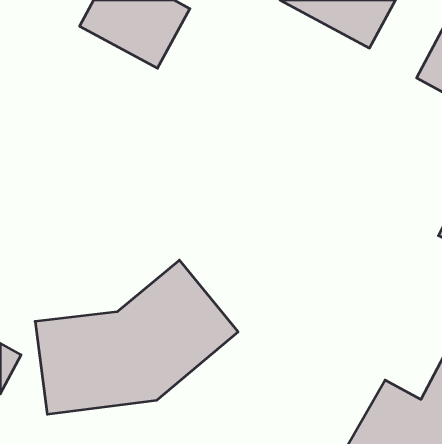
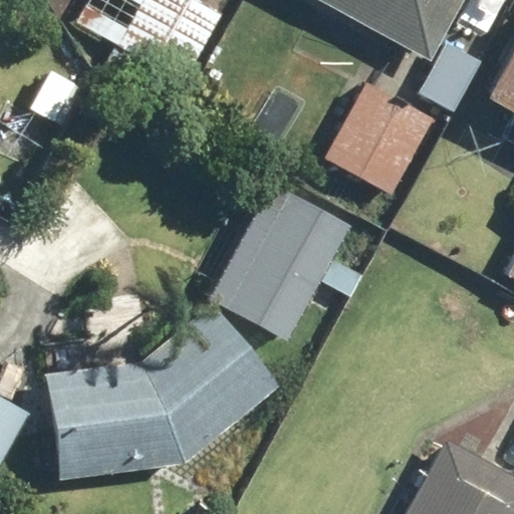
building: none -> [326,82,435,194]
building: none -> [209,182,350,340]

